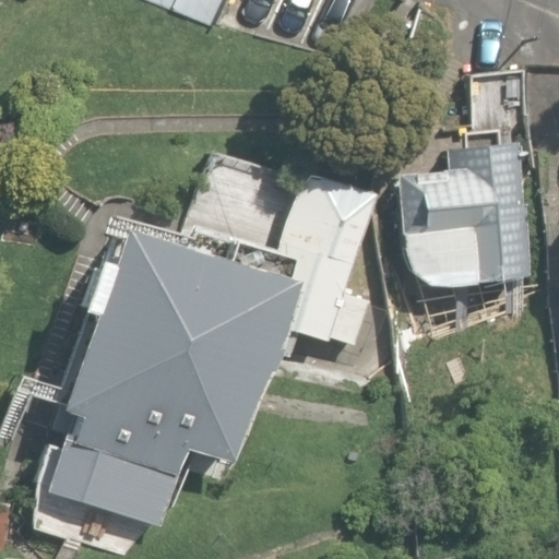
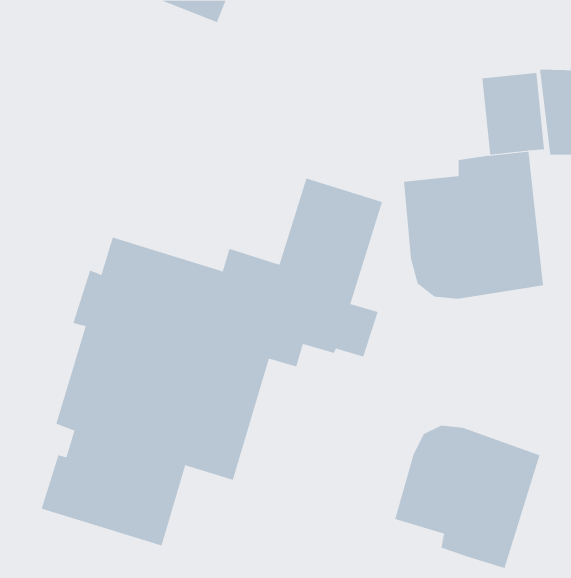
building: none -> [394,425,540,569]

